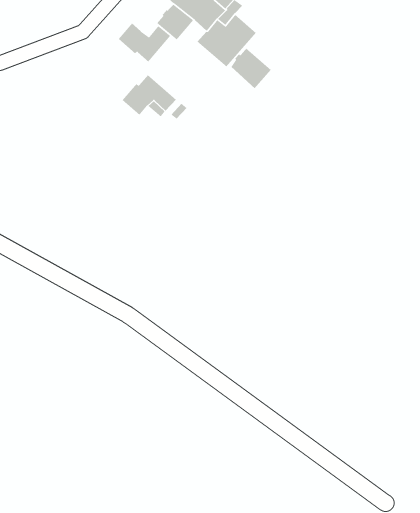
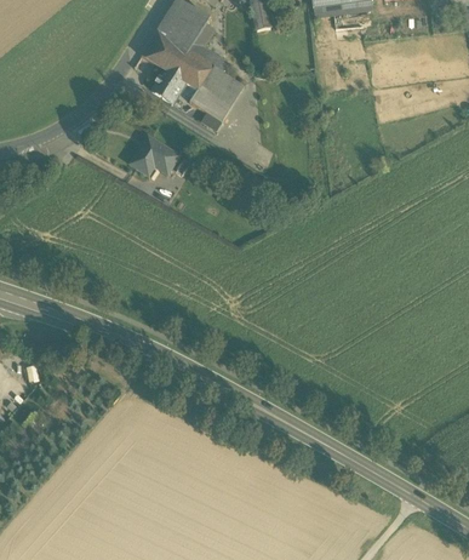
building: [118,22,171,62] -> none
building: [230,47,272,89] -> none

